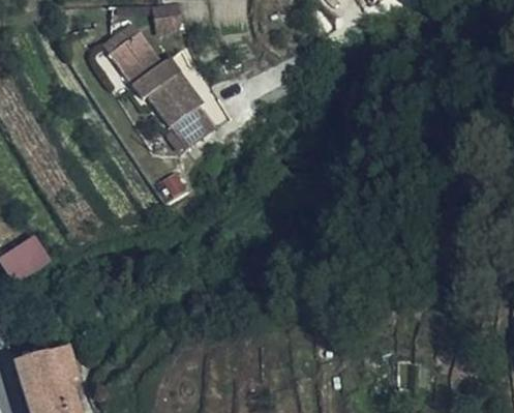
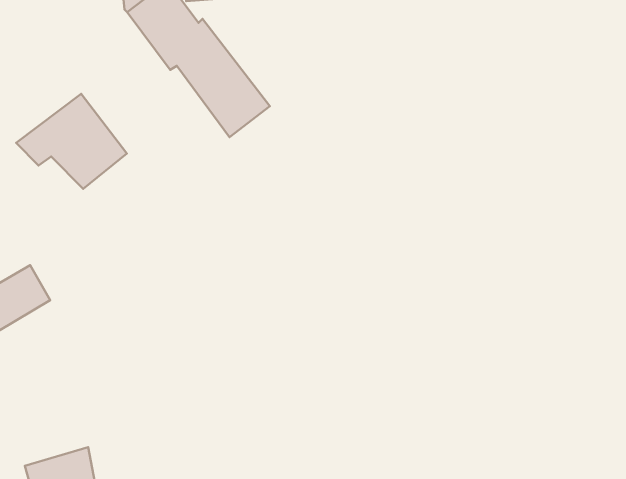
building: none -> [16,94,127,189]
building: [17,342,80,395] -> none

